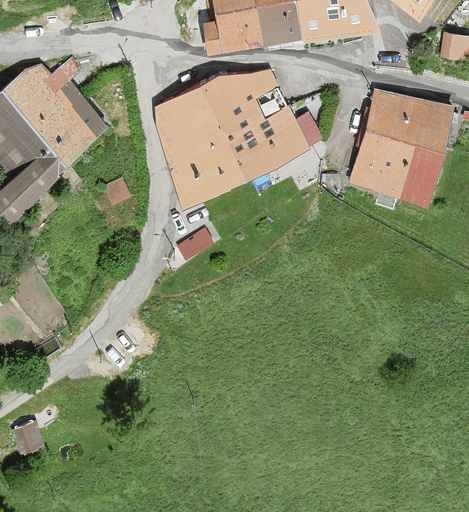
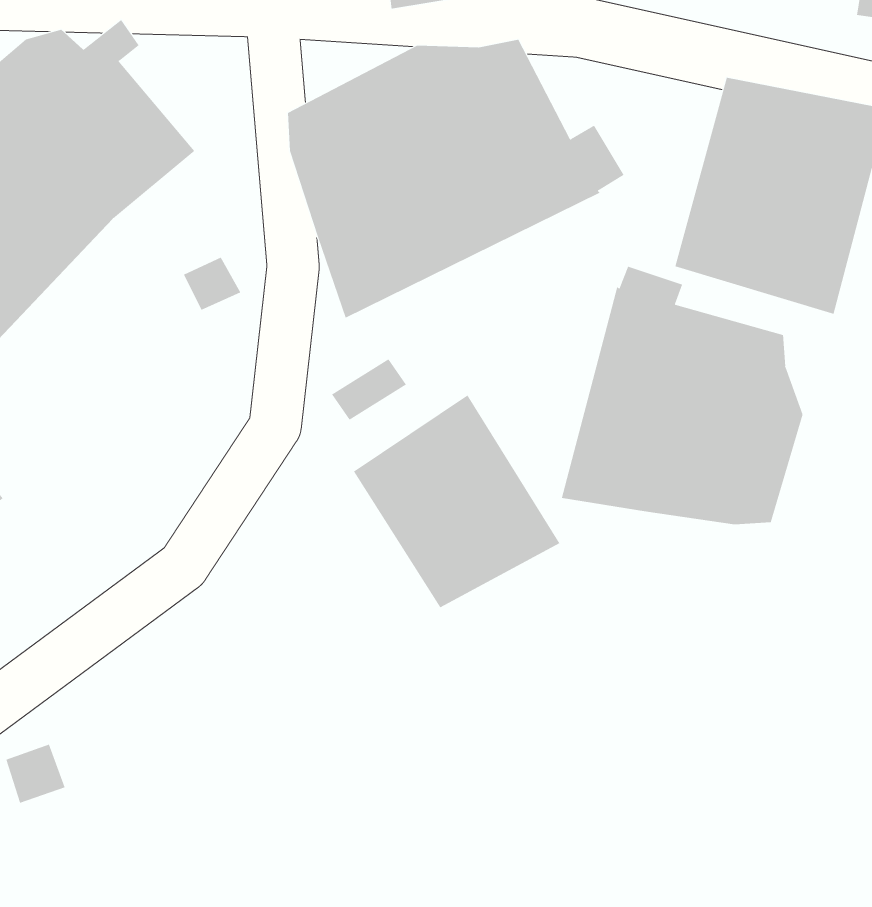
building: none -> [561,266,803,525]
building: none -> [353,394,560,608]

